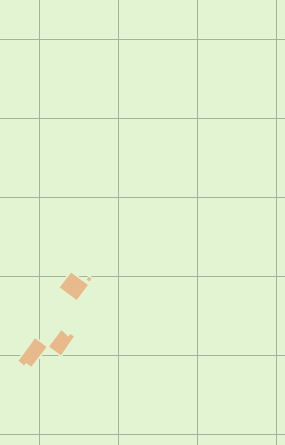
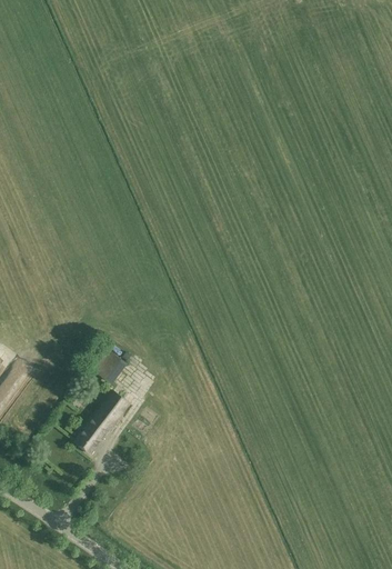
building: [17,337,48,368] -> [92,390,131,429]

